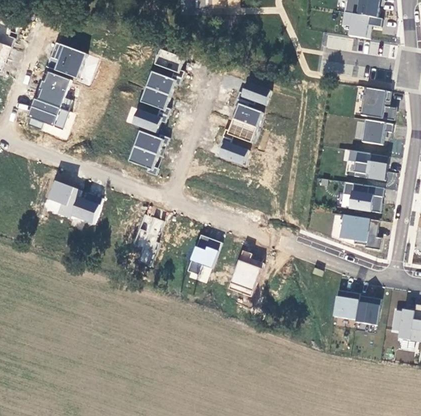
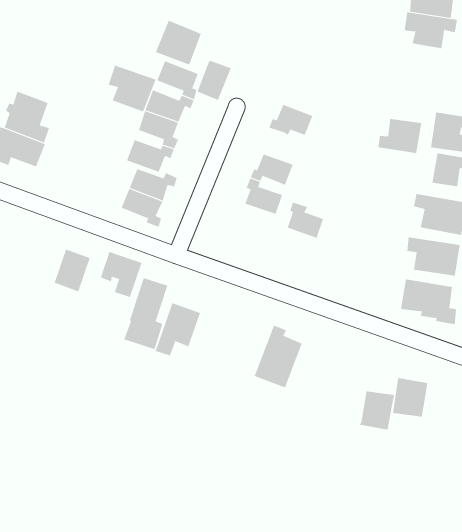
building: none -> [155,20,201,65]
building: [50,42,87,78] -> [108,65,157,112]
building: none -> [197,60,231,101]
building: none -> [378,118,422,154]
building: [234,99,262,127] -> [287,202,324,239]
building: [50,181,84,219] -> none
building: none -> [100,251,142,298]
building: [187,234,222,275] -> [155,302,201,356]
building: [354,295,381,325] -> [359,391,395,430]

